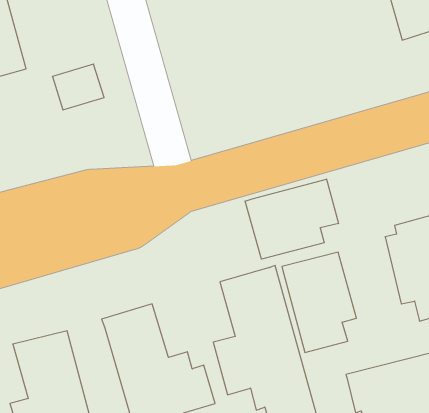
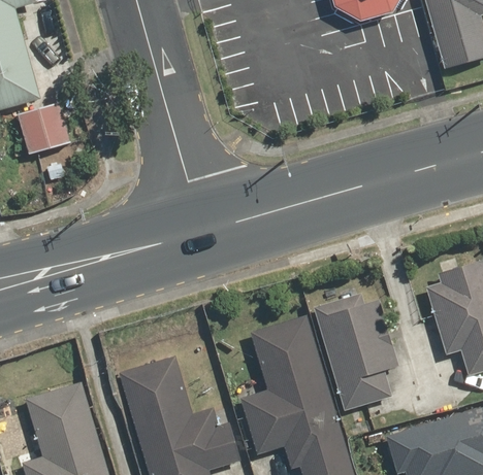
building: [52,64,104,110] -> [15,108,71,158]
building: [245,179,338,259] -> none

